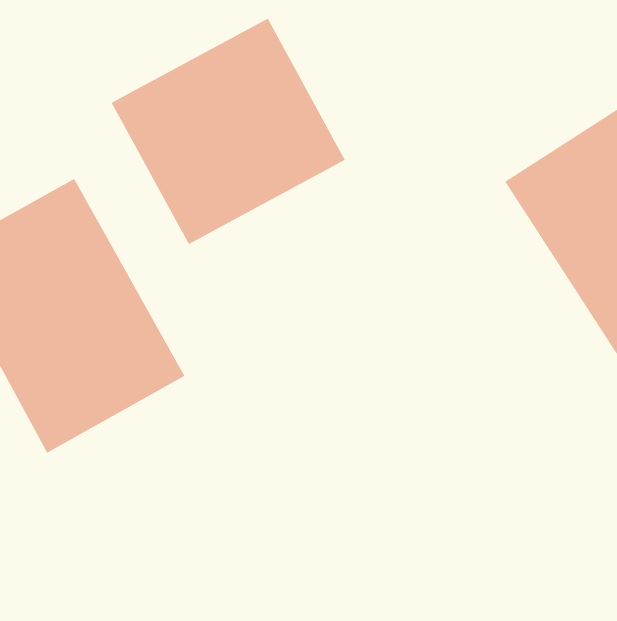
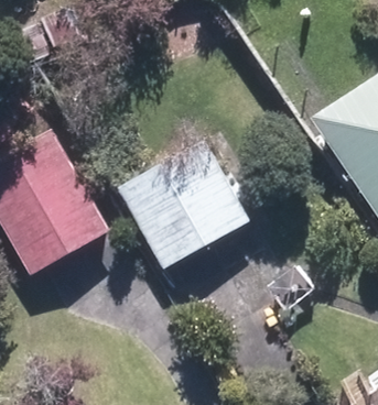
building: [111,17,346,245] -> [118,132,258,267]

